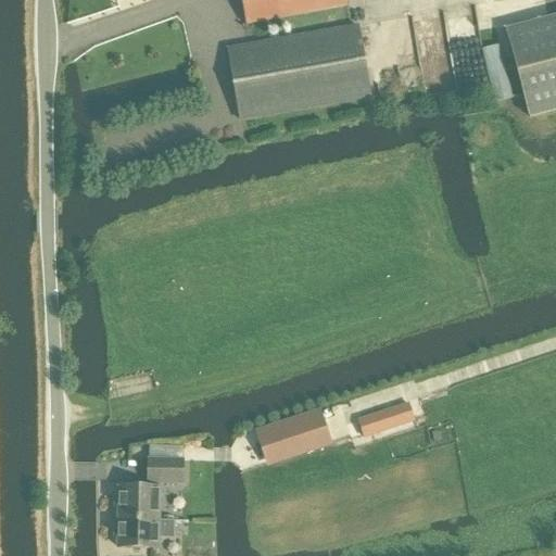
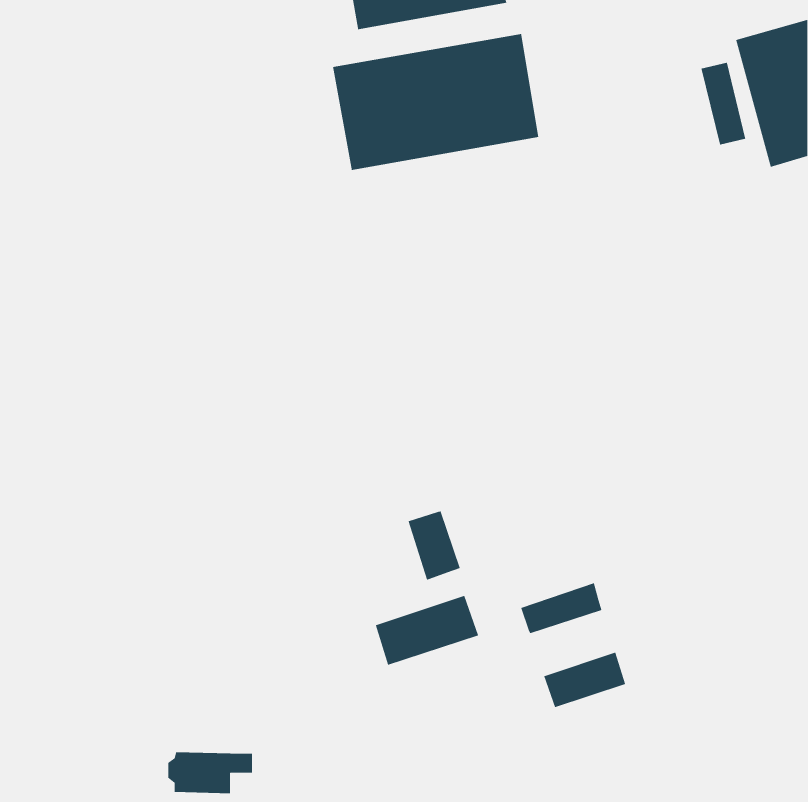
building: none -> [408,510,461,581]
building: none -> [543,652,626,708]
building: [116,456,185,517] -> none

